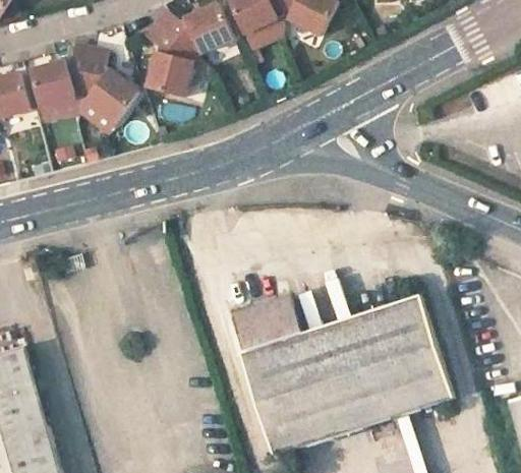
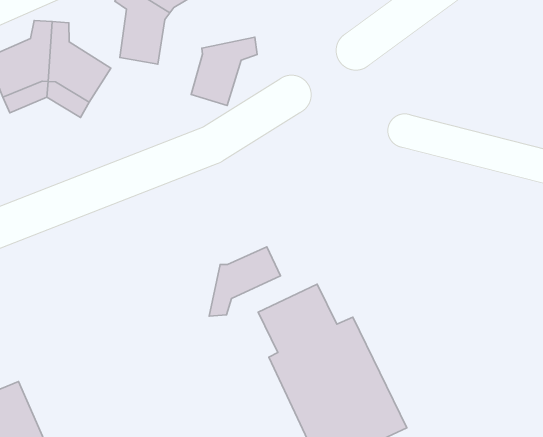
building: none -> [191,37,257,105]
building: none -> [209,247,280,316]
building: [315,298,451,432] -> none

